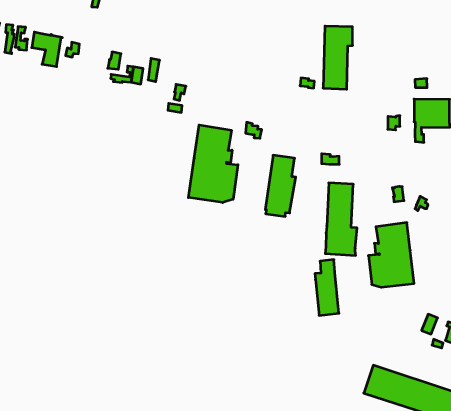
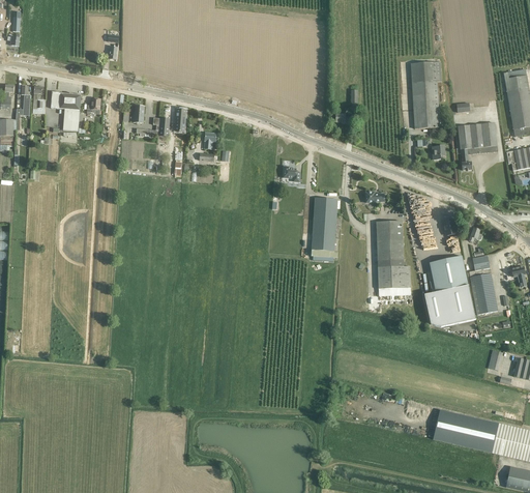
building: [323,26,353,89] -> [410,60,441,127]
building: [188,125,238,203] -> none
building: [315,260,339,315] -> [468,254,497,314]

